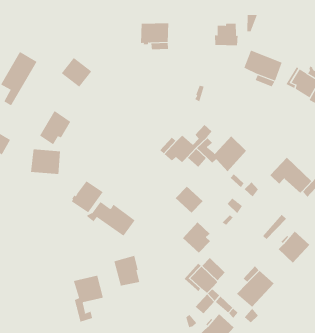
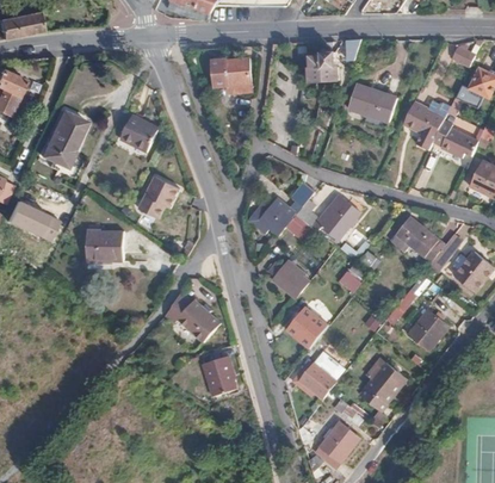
building: [39,110,71,145] -> [135,175,174,219]
building: [71,180,104,213] -> none
building: [73,275,104,323] -> none

